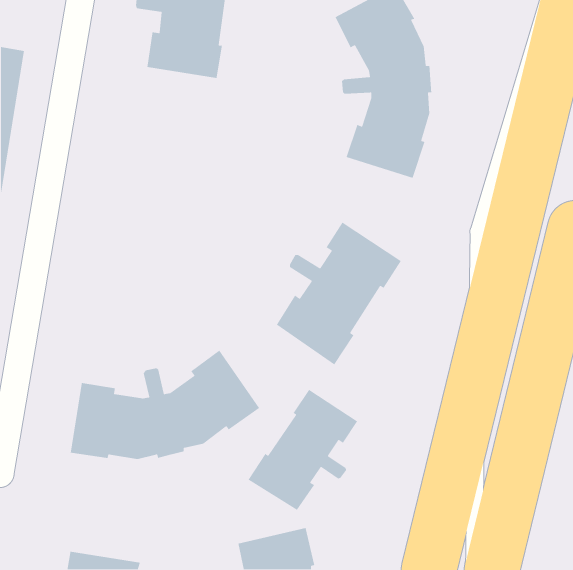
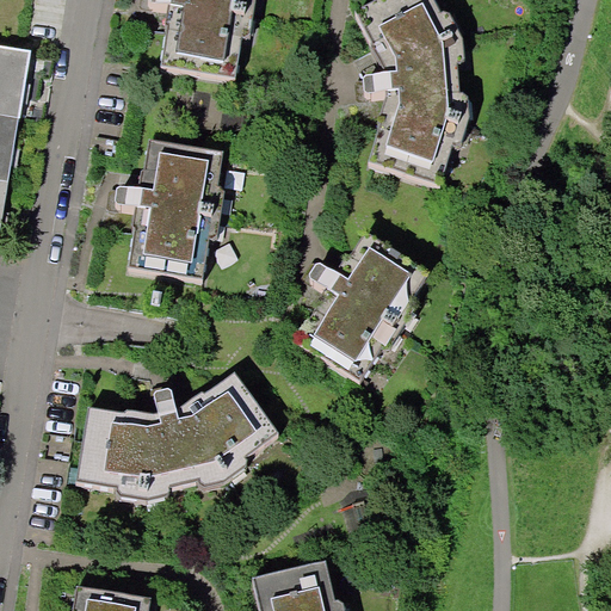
building: none -> [113,144,222,285]
building: [247,389,358,511] -> none

